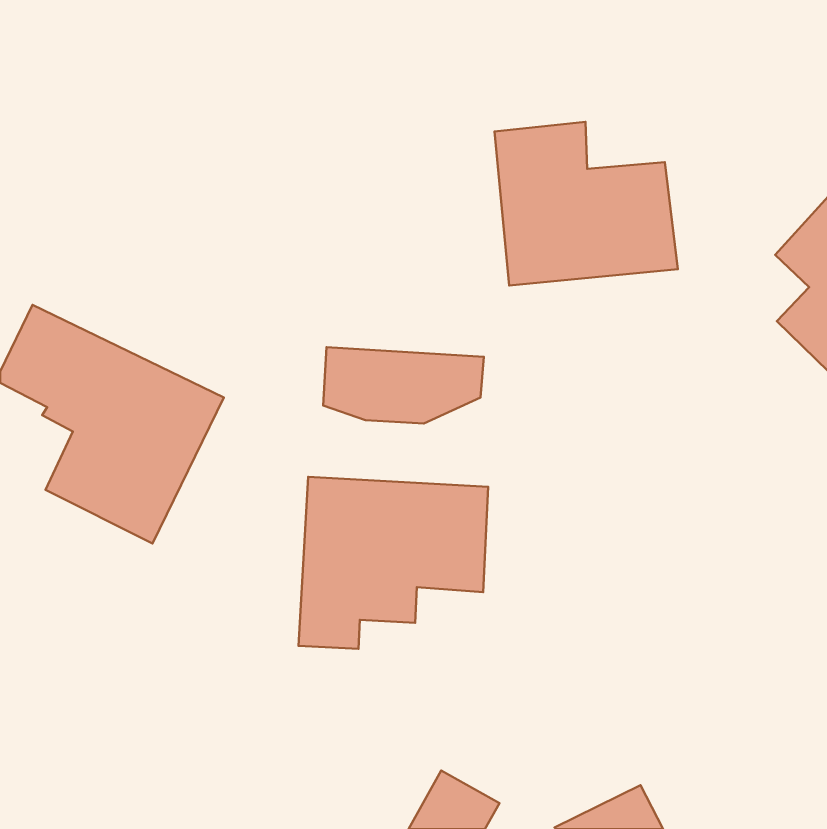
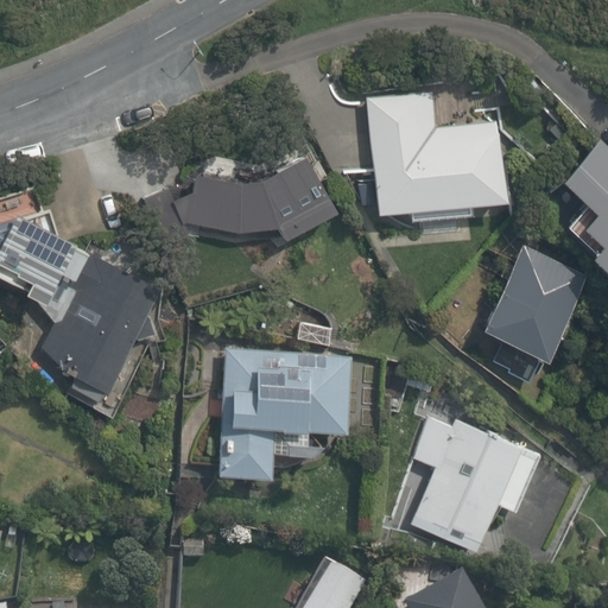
building: none -> [484,245,588,363]
building: [323,347,484,423] -> [195,182,312,238]
building: none -> [404,401,545,555]

